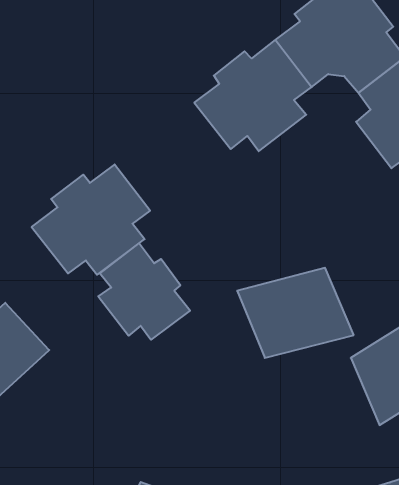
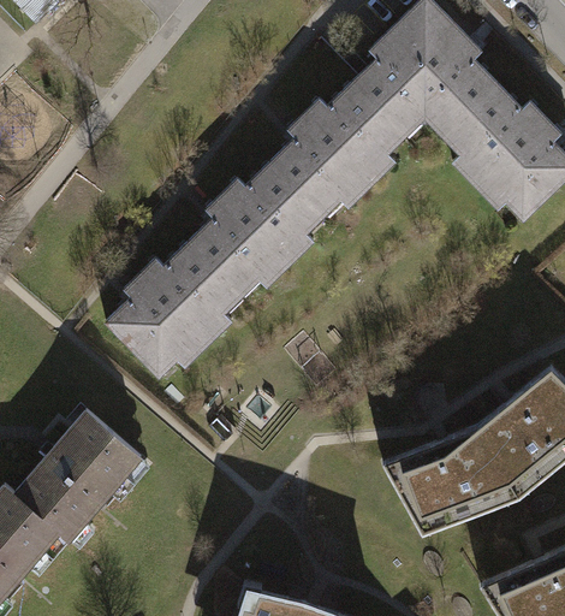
building: none -> [190,162,317,289]
building: [98,243,190,340] -> none
building: [237,268,354,358] -> [383,426,519,534]

